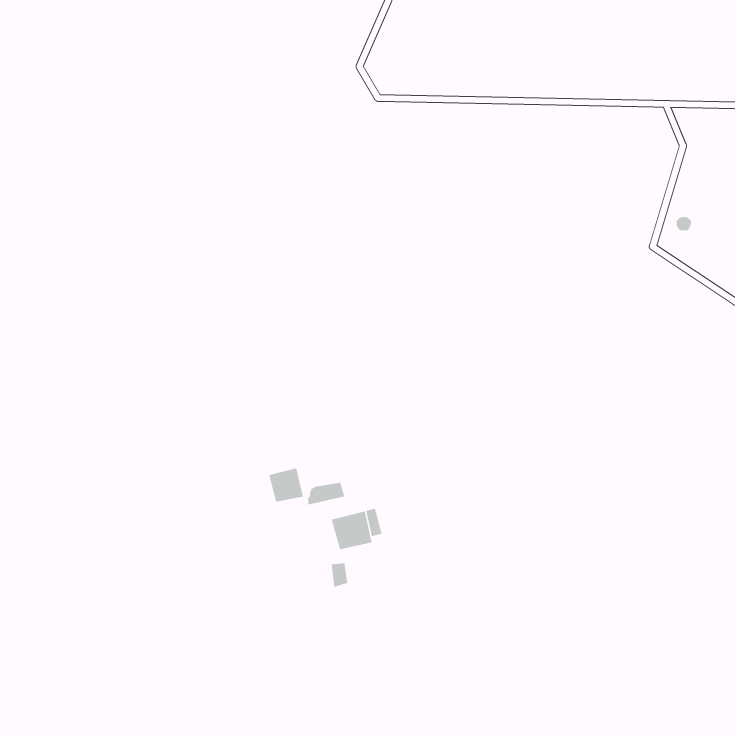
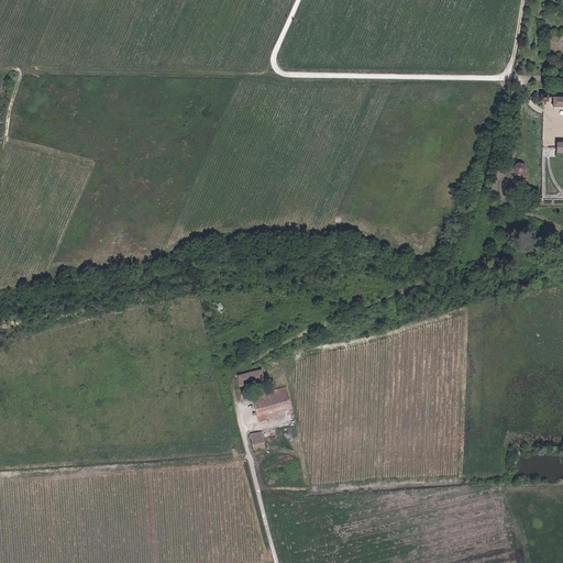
building: [268,467,304,503] -> none

